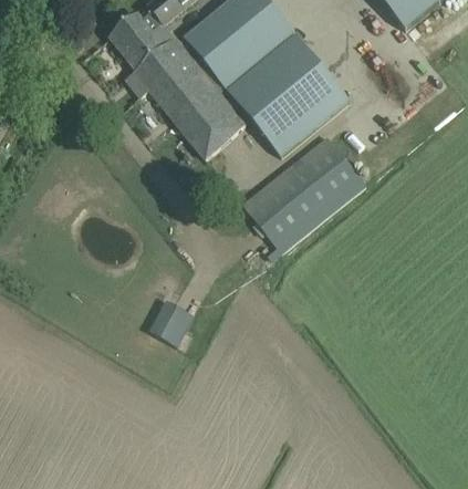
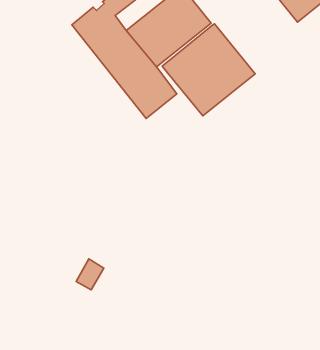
building: [241,133,365,251] -> none
building: [156,303,193,344] -> [76,259,104,290]

